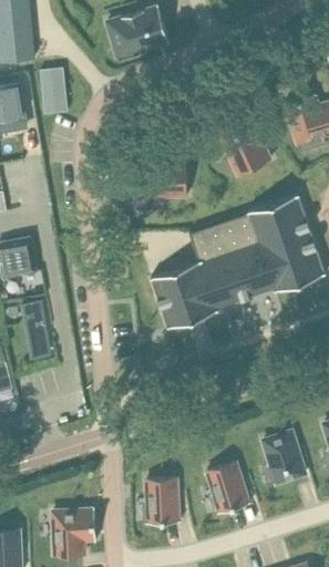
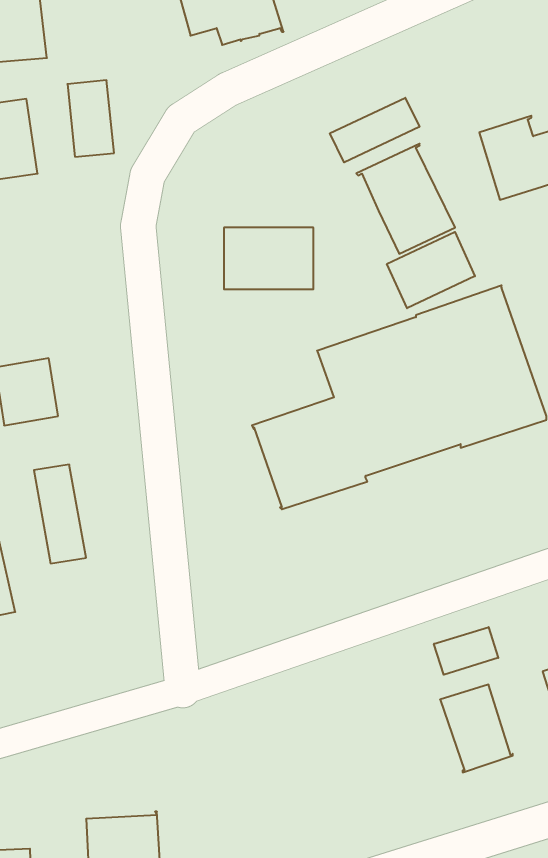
building: none -> [330,98,419,162]
building: none -> [387,232,475,308]
building: none -> [434,627,498,675]
building: [208,462,251,514] -> none
building: [144,478,182,524] -> none

